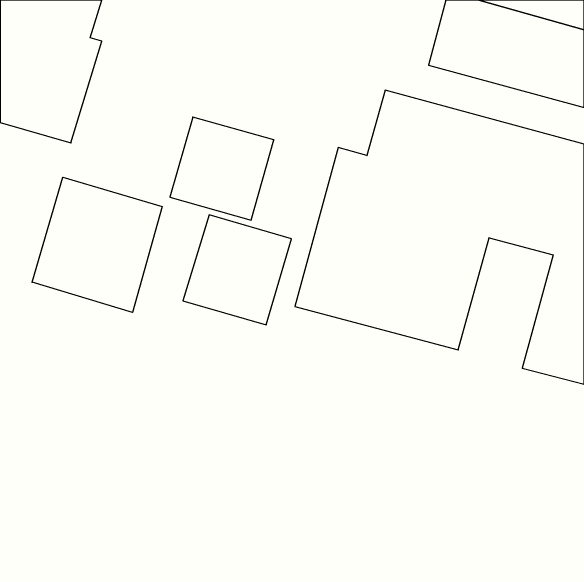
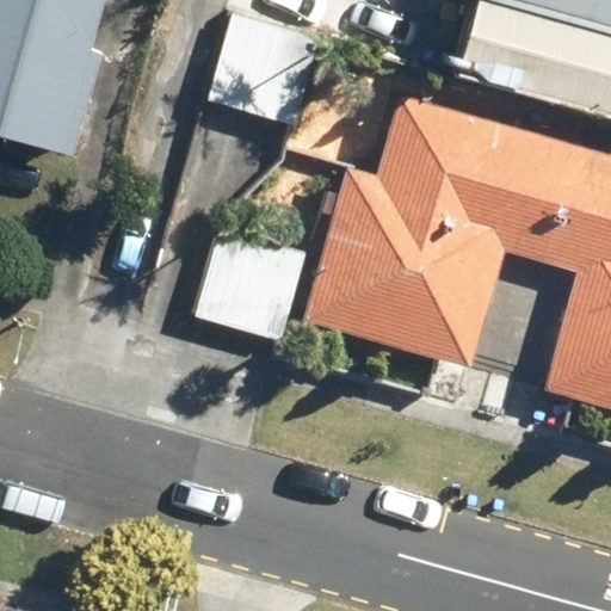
building: [170,117,274,220] -> [206,16,315,123]
building: [32,177,162,312] -> none

